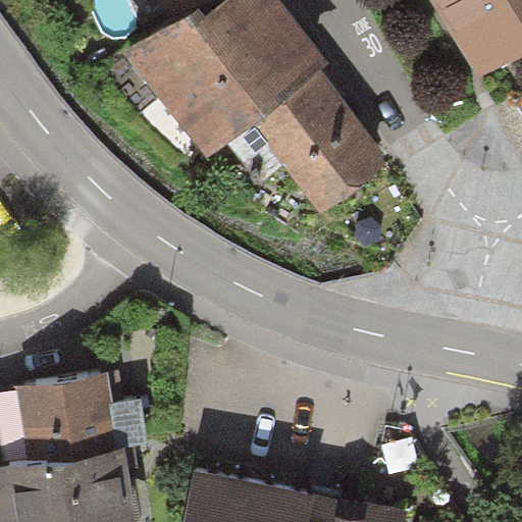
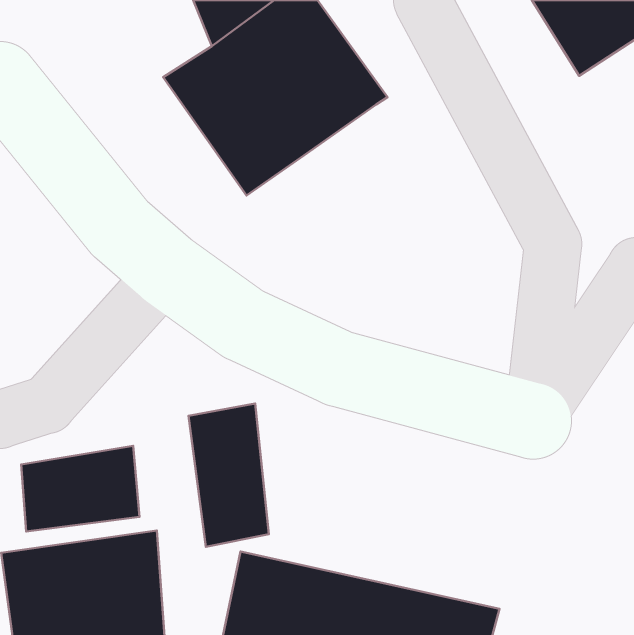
building: [251,87,377,222] -> none
building: none -> [189,404,269,547]

